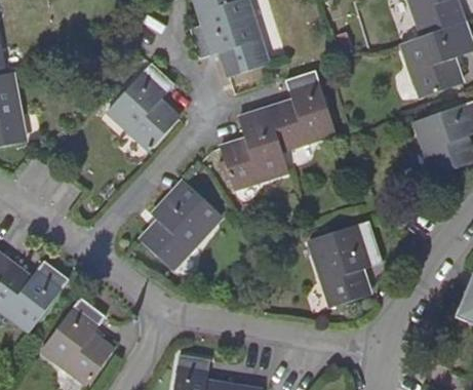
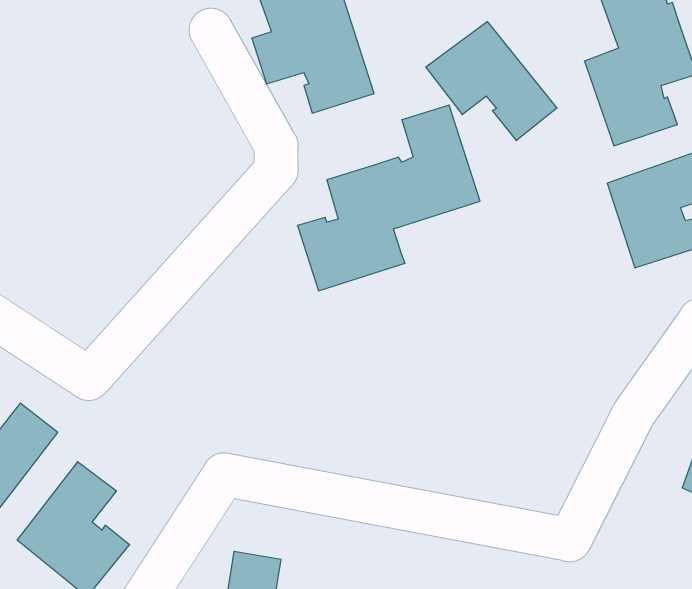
building: none -> [426,22,557,141]
building: [108,64,179,149] -> none
building: [141,181,222,269] -> none
building: [309,221,381,306] -> none

